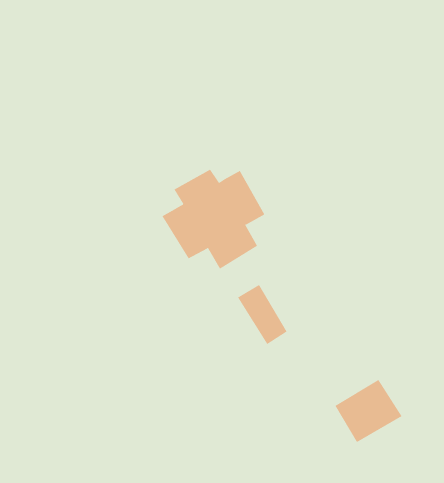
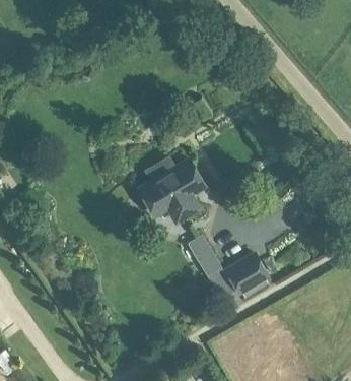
building: [334,379,402,443] -> [225,252,272,296]

